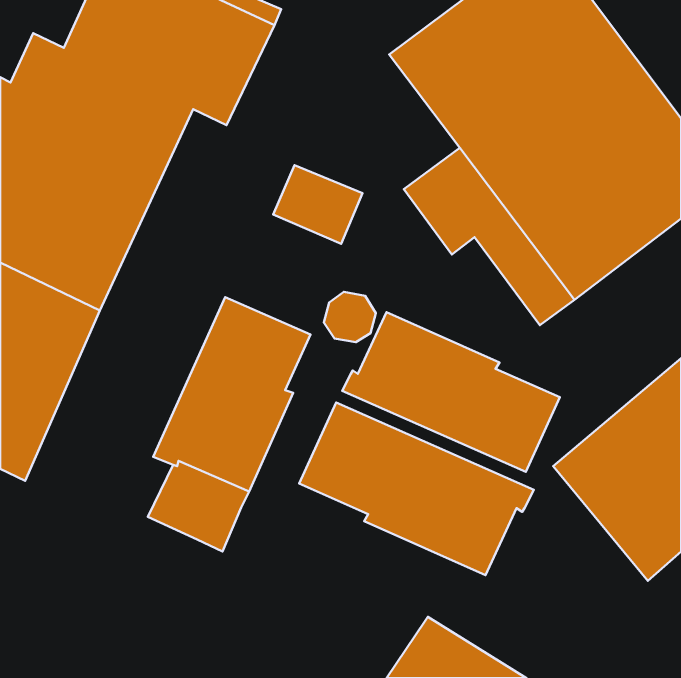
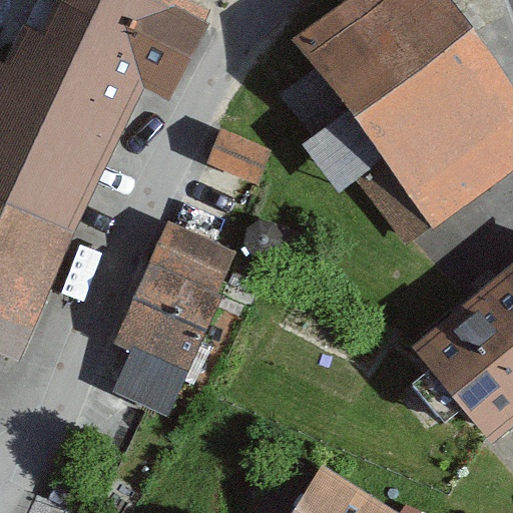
building: [342,312,560,472] -> none
building: [299,402,534,575] -> none

